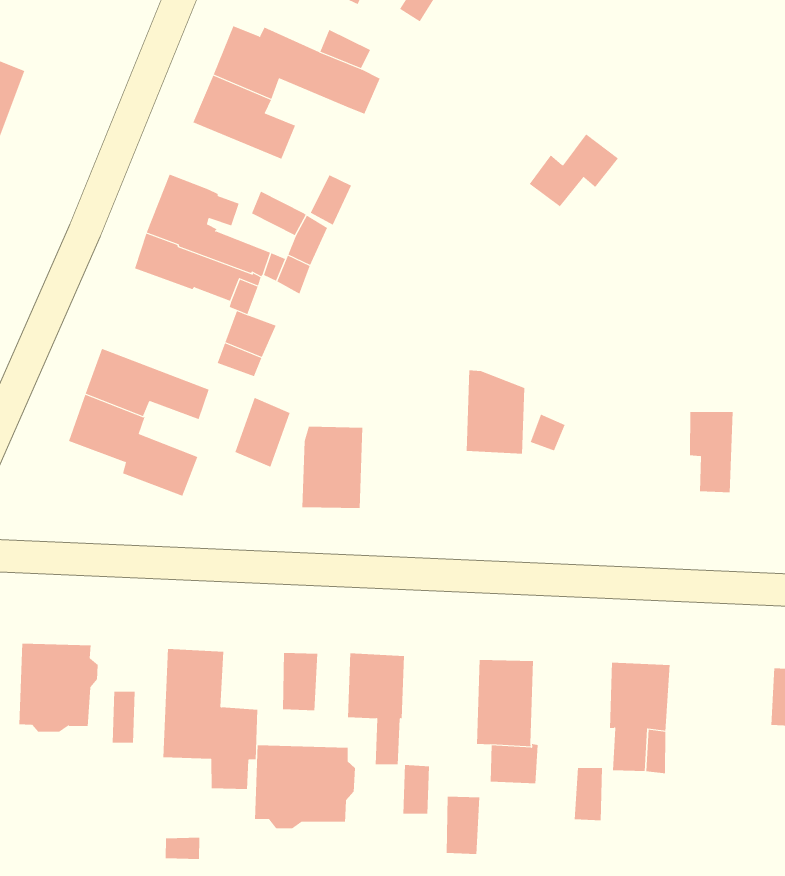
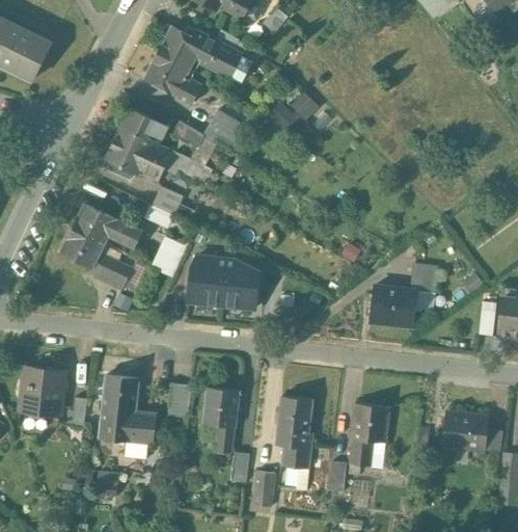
building: [529,134,619,207] -> [267,88,319,129]
building: [466,370,525,454] -> [221,259,257,309]
building: none -> [374,286,415,325]
building: [254,745,356,829] -> none

